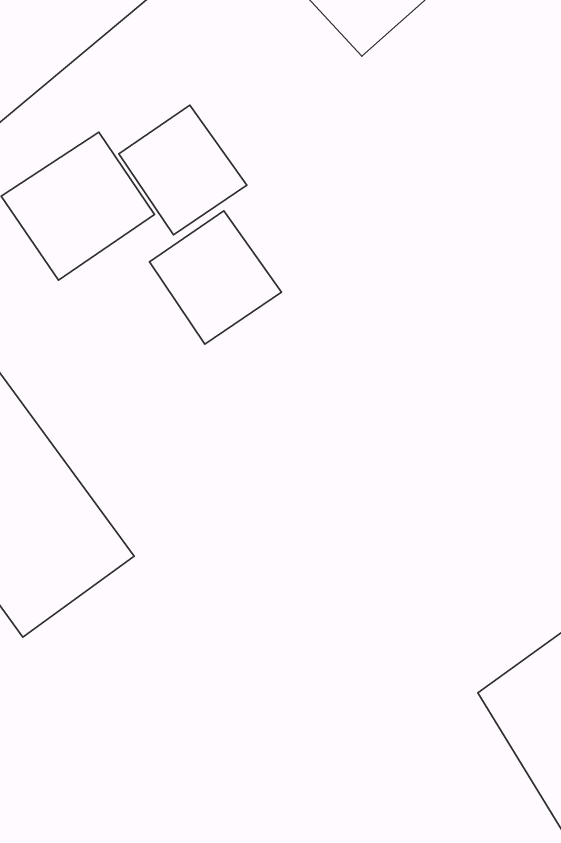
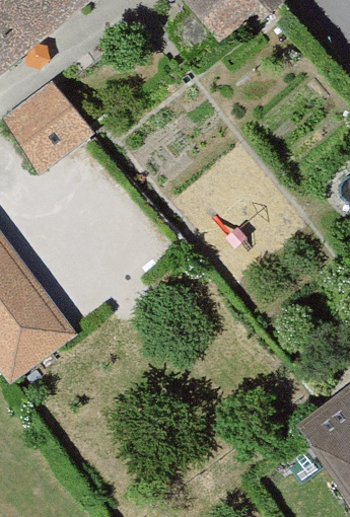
building: [119,105,247,235] -> none
building: [149,211,281,344] -> none

